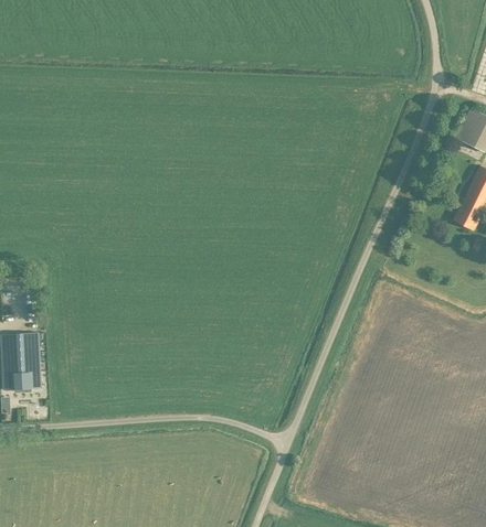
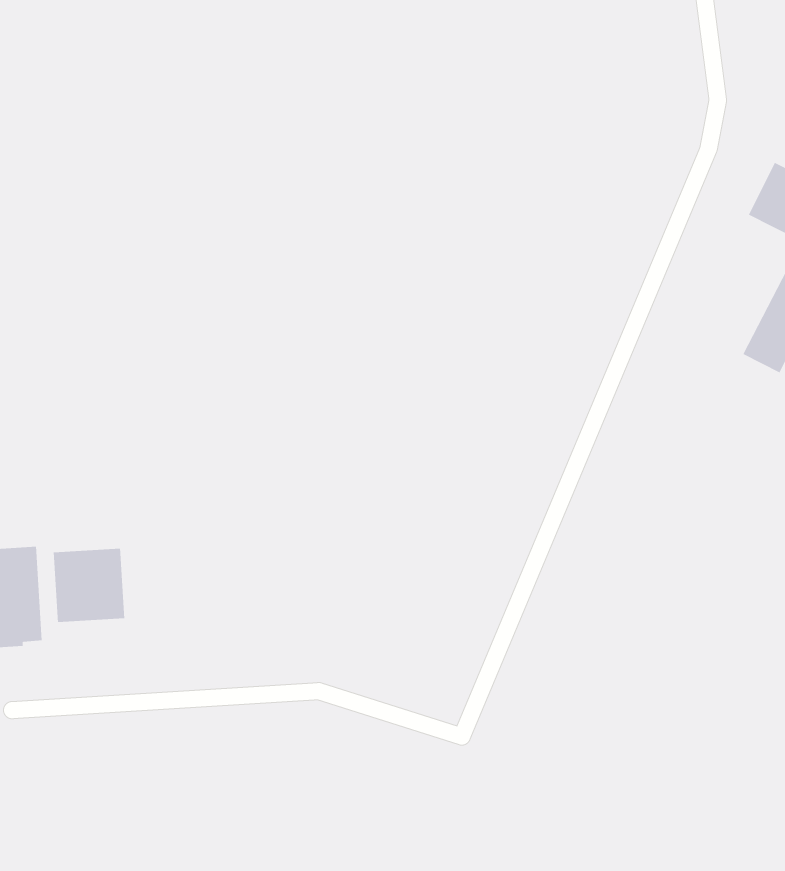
building: none -> [53,548,125,623]

